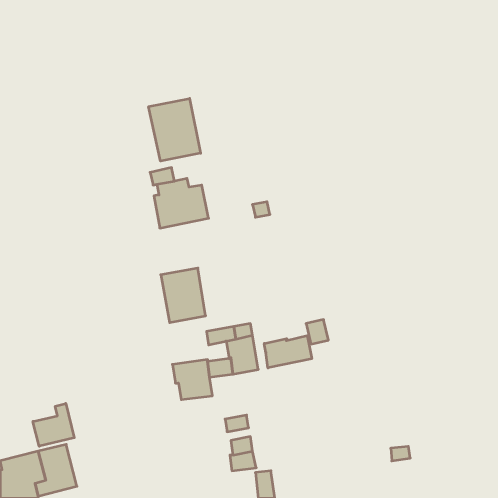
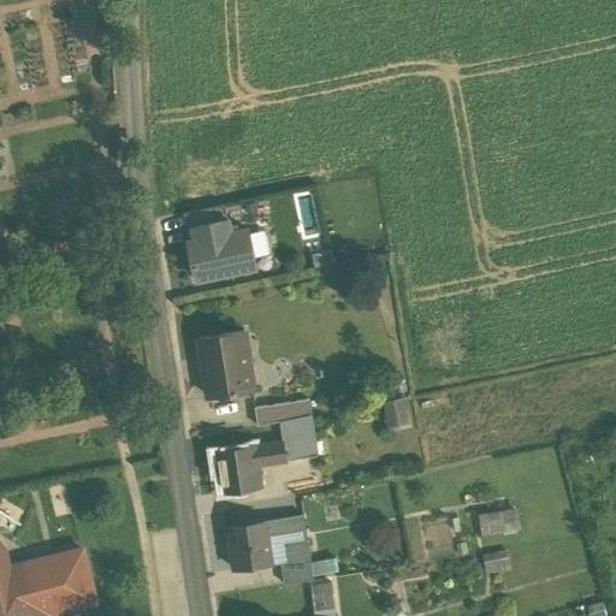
building: [149,98,201,161] -> none
building: [264,336,312,368] -> none
building: [33,403,74,446] -> none
building: none -> [476,507,516,531]
building: none -> [230,519,276,569]

